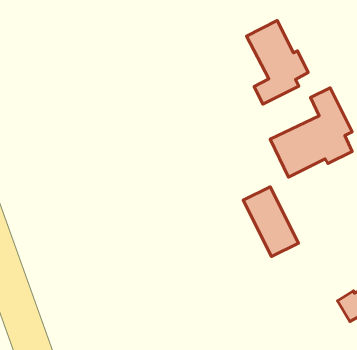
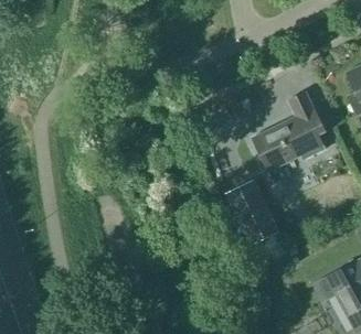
building: [246,20,308,104] -> none

